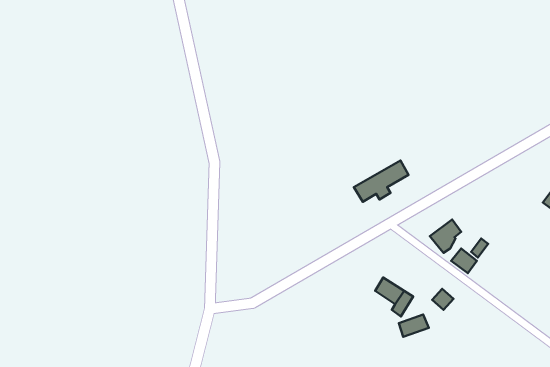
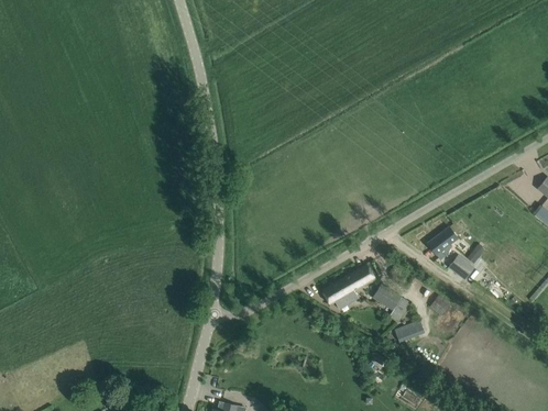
building: [354,160,408,202] -> [321,264,375,304]

